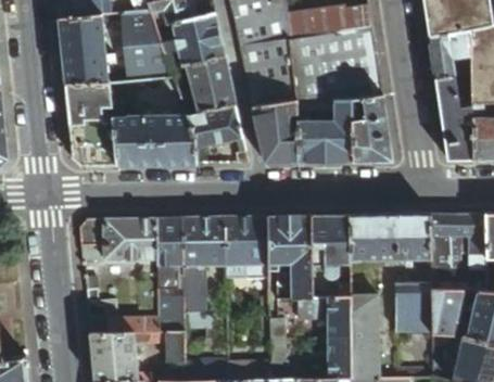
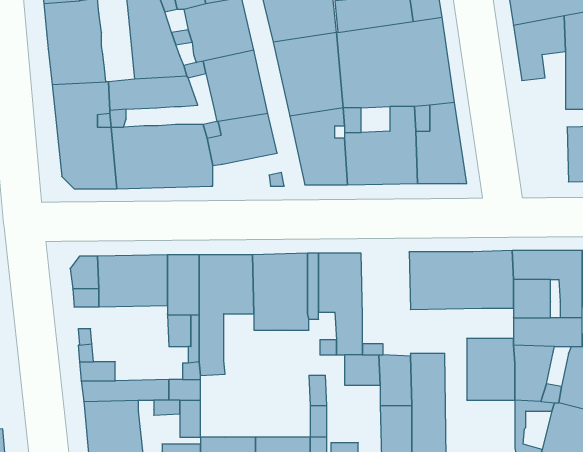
building: [438,76,474,161] -> none
building: [311,216,350,277] -> none

